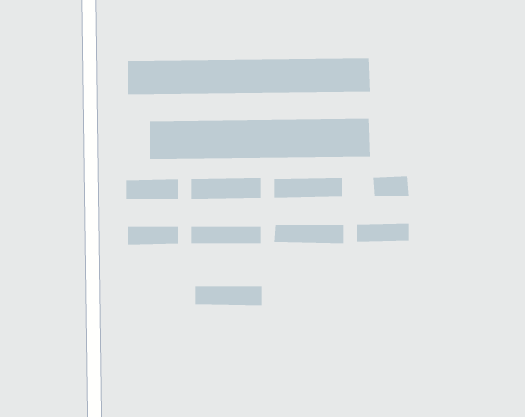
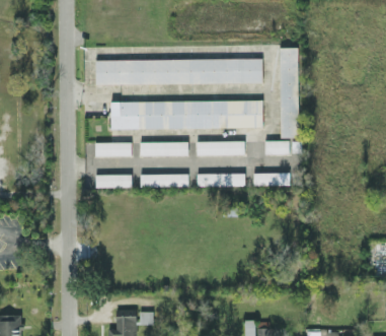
building: none -> [280,48,298,138]
building: [195,286,262,306] -> none

